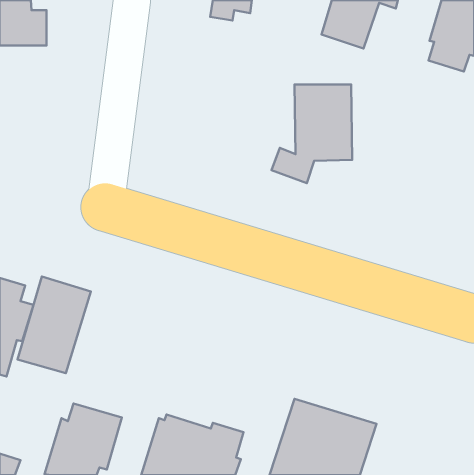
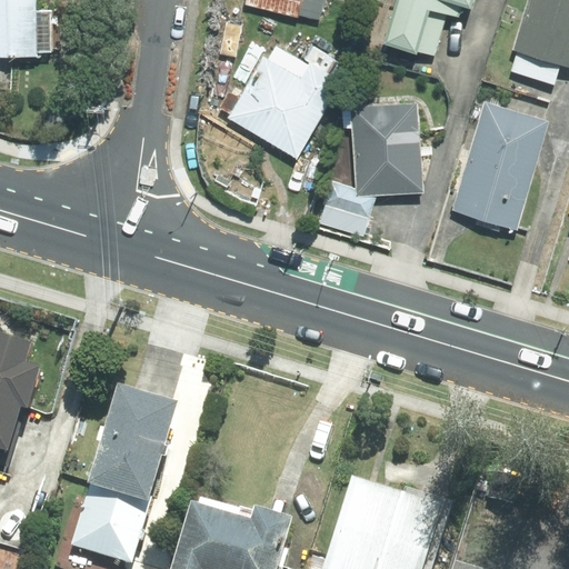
building: none -> [228,43,350,160]
building: none -> [453,102,548,231]
building: [18,277,91,373] -> [88,383,176,499]

